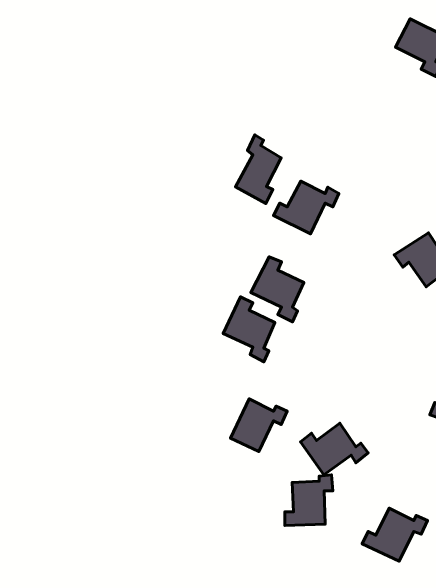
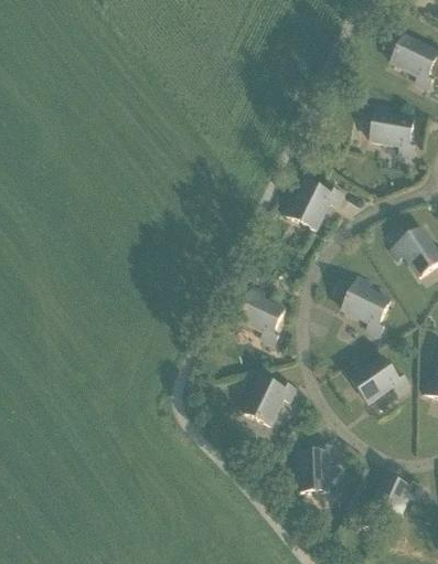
building: none -> [371,103,415,152]
building: [236,135,281,203] -> none
building: [251,257,304,322] -> [342,275,389,333]
building: [301,423,368,475] -> [348,354,408,401]

